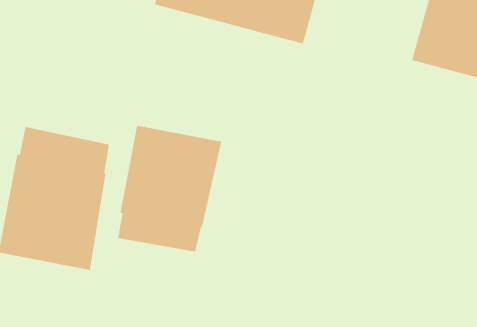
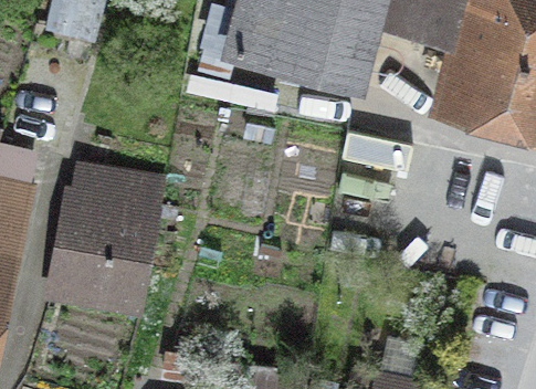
building: [117,125,222,252] -> none

